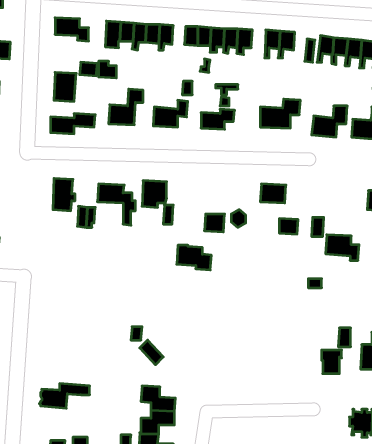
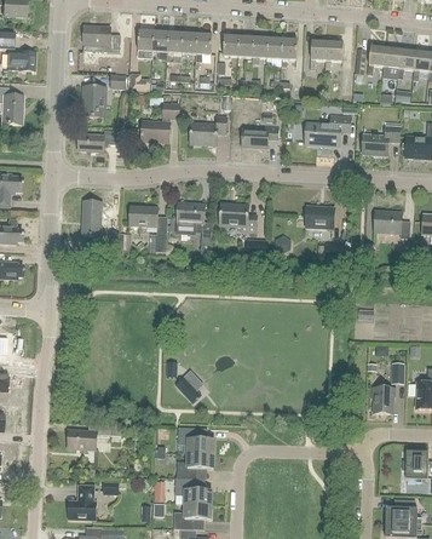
building: [326,235,359,260] -> [374,210,410,237]
building: [177,245,211,270] -> [220,203,258,230]

